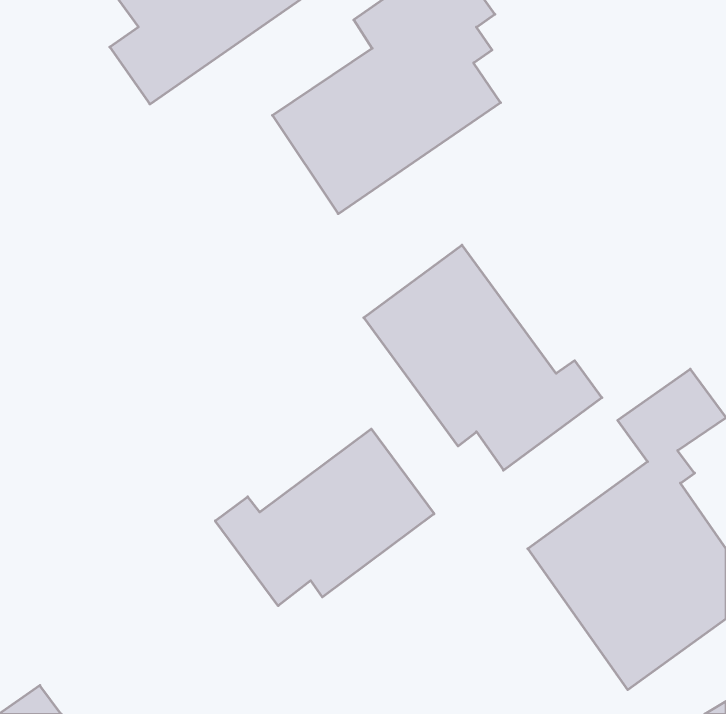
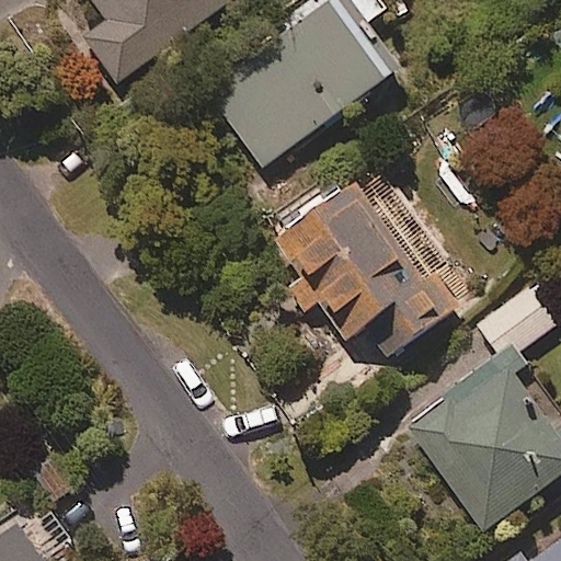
building: [215,429,434,606] -> none

